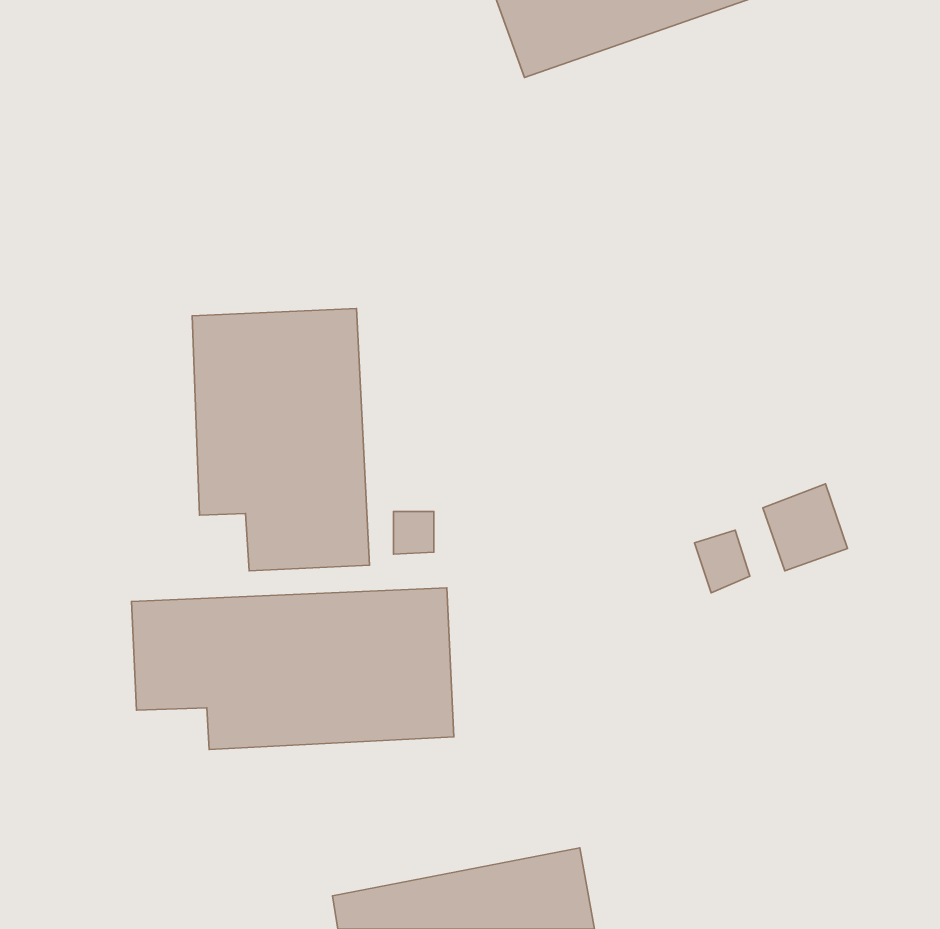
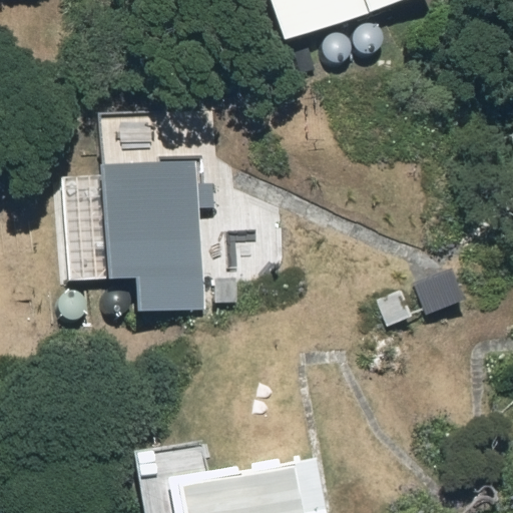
building: [131,588,454,750] -> none

